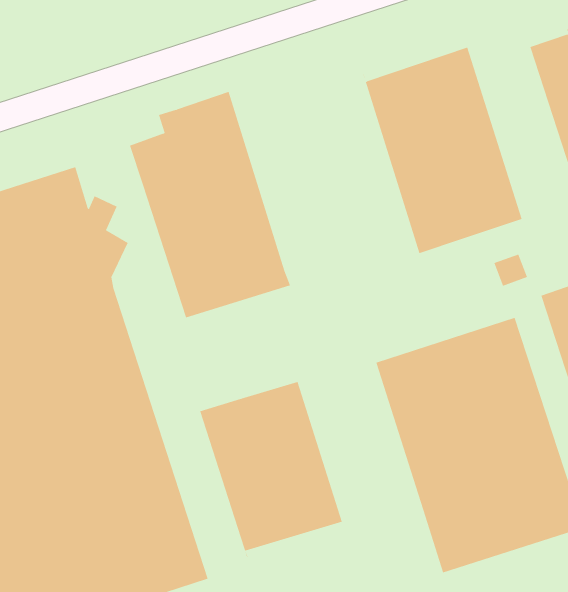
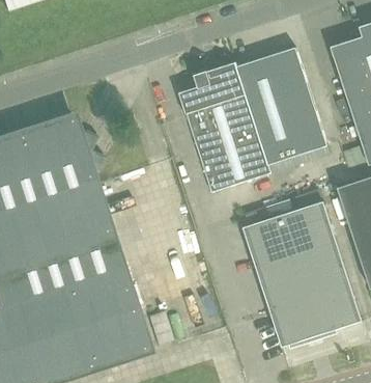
building: [129,91,291,318] -> [179,61,272,191]
building: [200,381,343,558] -> none

